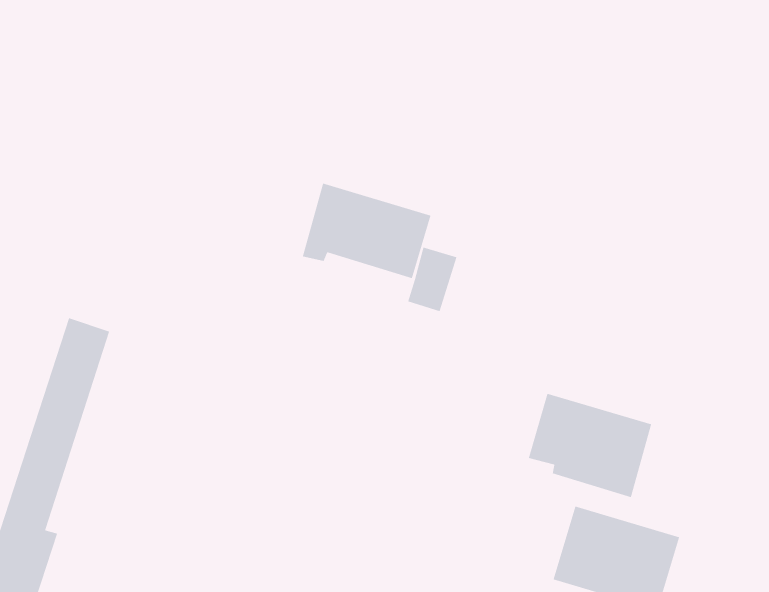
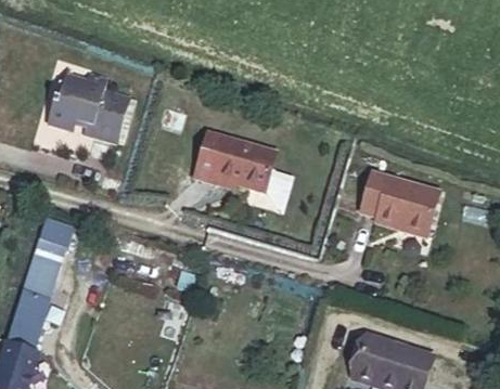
building: none -> [48,72,131,142]
building: [528,393,652,498] -> [360,171,438,237]

